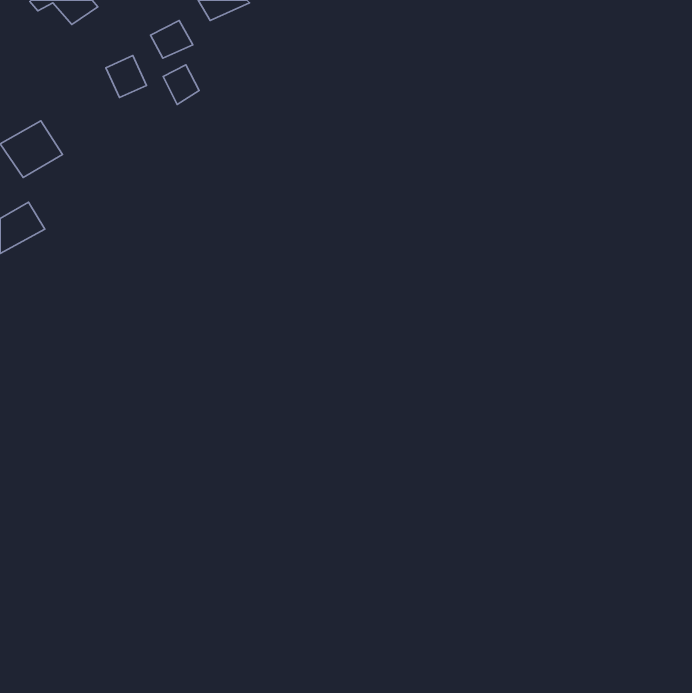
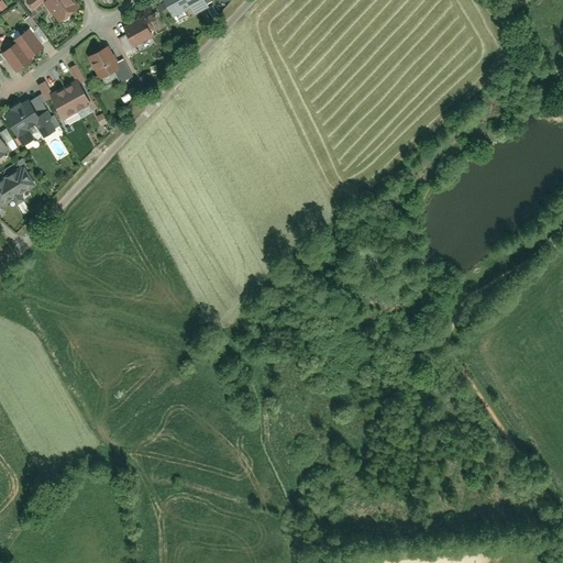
building: none -> [5,30,44,70]
building: [163,65,199,104] -> none
building: none -> [46,75,91,120]

